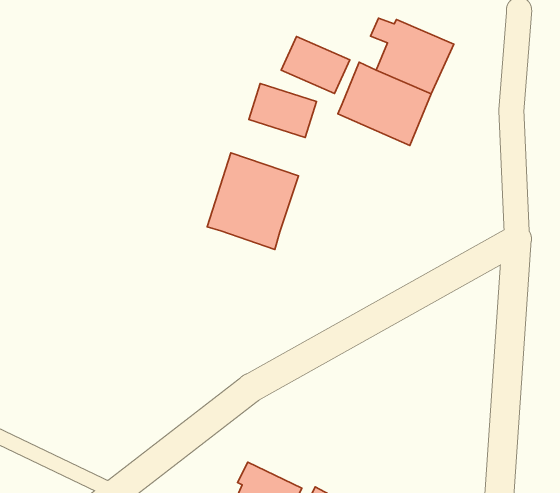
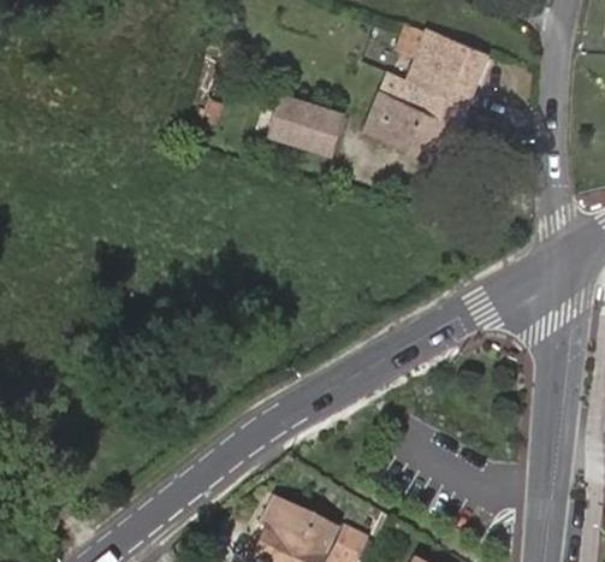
building: [281,36,350,94] -> none
building: [207,153,299,250] -> none

